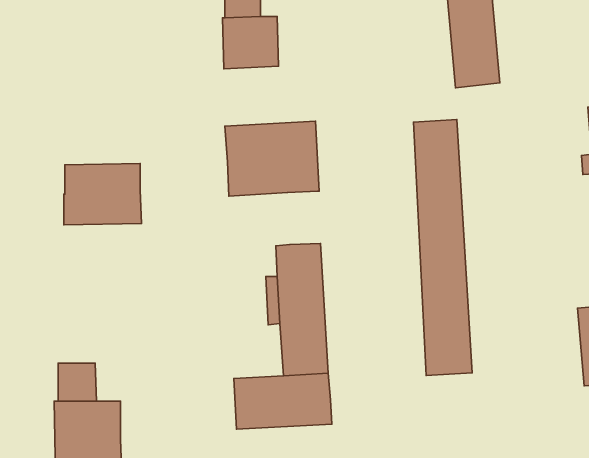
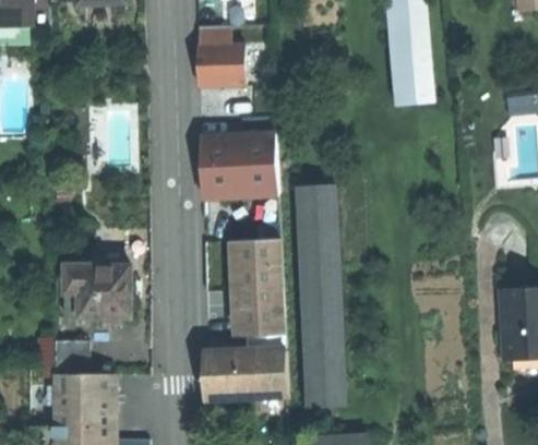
building: [413,120,472,376] -> [297,189,347,408]
building: [64,164,141,225] -> [62,265,129,317]

